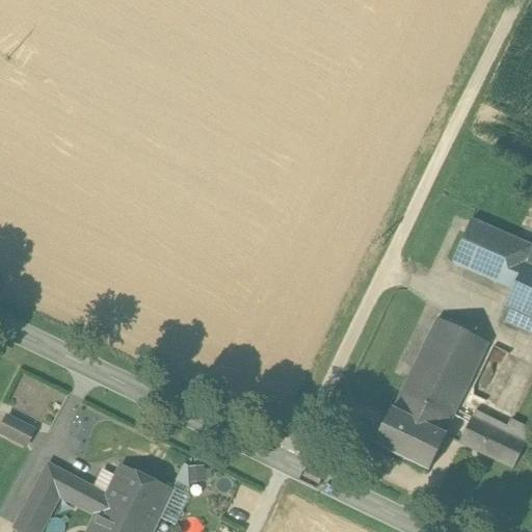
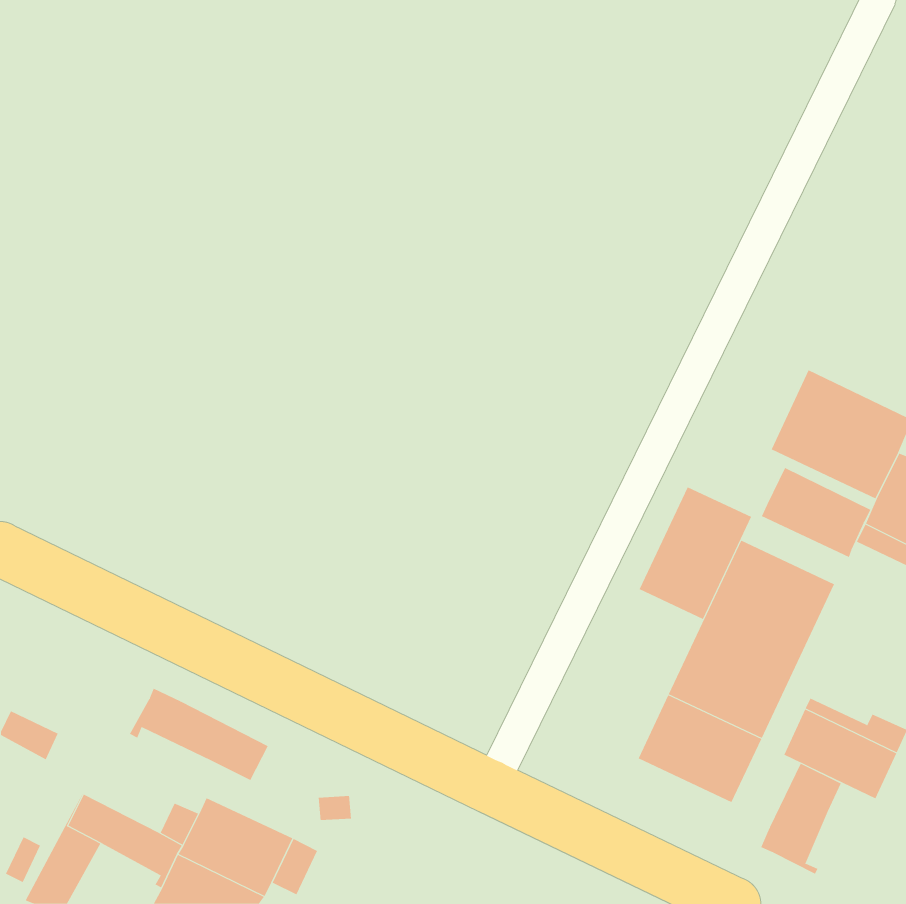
building: none -> [761,467,871,558]
building: none -> [639,486,752,620]
building: none -> [129,688,269,781]
building: none -> [760,763,841,874]

